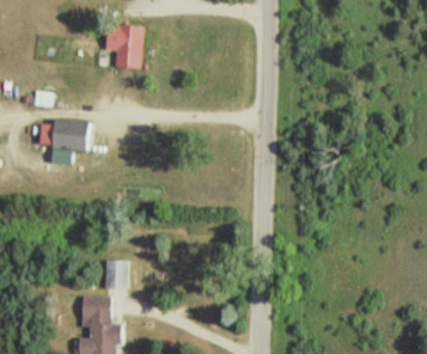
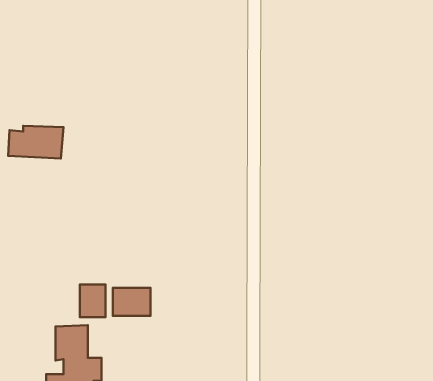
building: [106,24,142,67] -> none
building: none -> [113,288,151,316]

